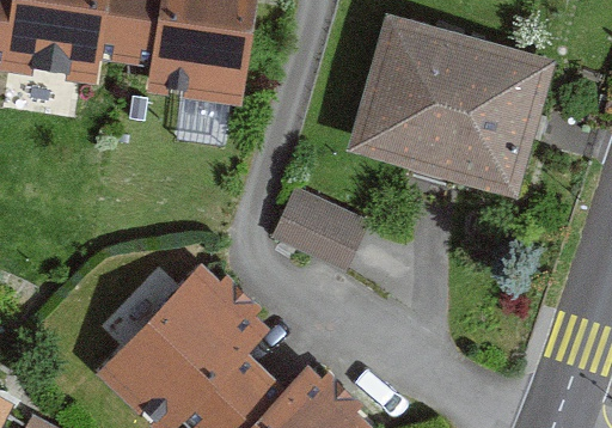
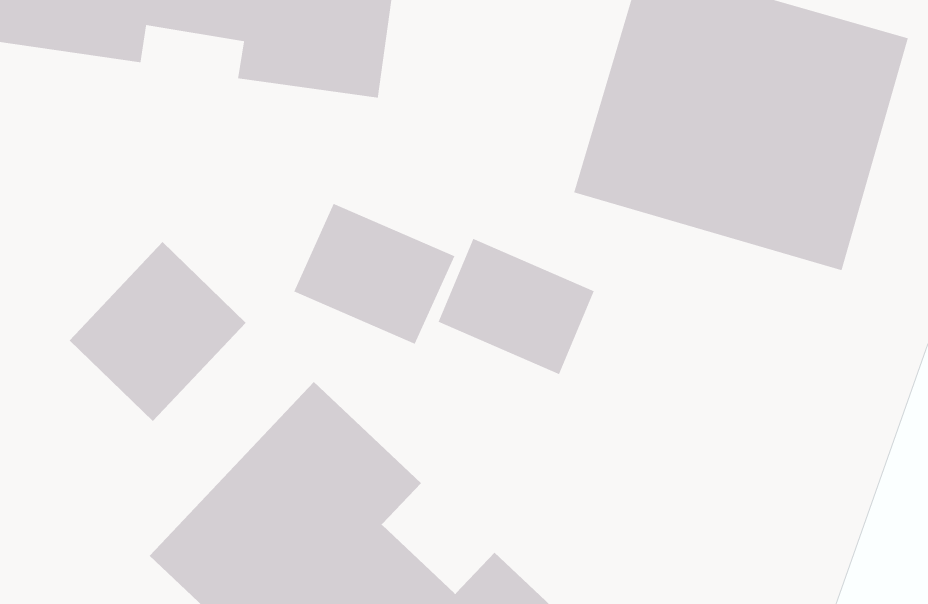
building: none -> [293,203,455,345]
building: none -> [69,241,247,422]

